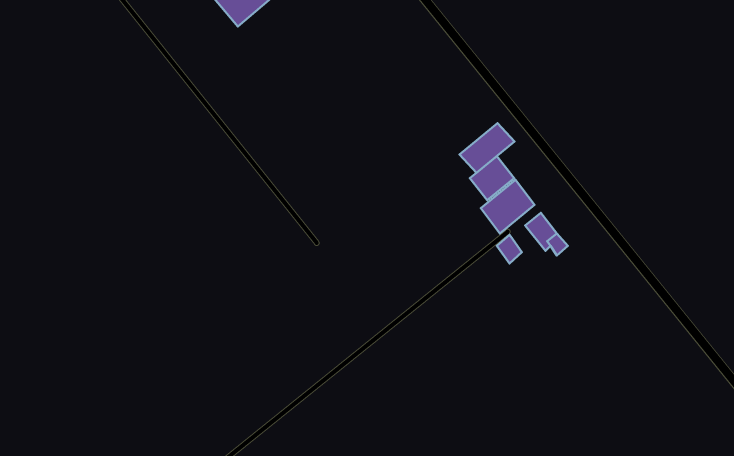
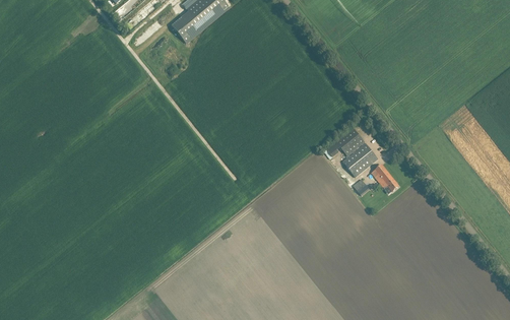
building: [459,123,514,173] -> none

